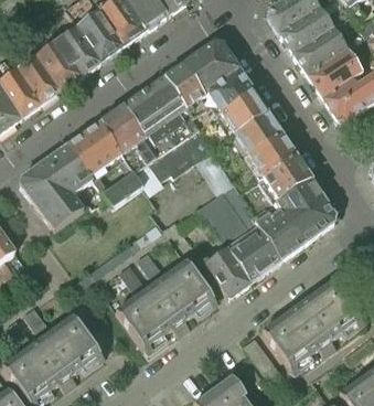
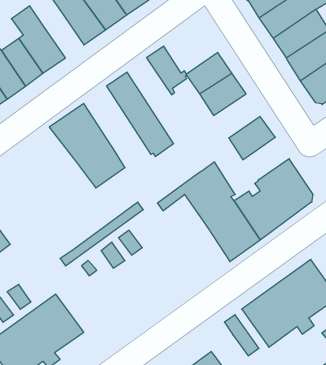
building: [58,25,101,74] -> none
building: [183,40,238,90] -> none
building: [146,74,213,161] -> none
building: [101,103,170,179] -> none
building: [234,110,281,156] -> none
building: [21,145,94,228] -> none
building: [264,154,311,199] -> none
building: [203,246,250,298] -> none
building: [116,258,215,349] -> none

